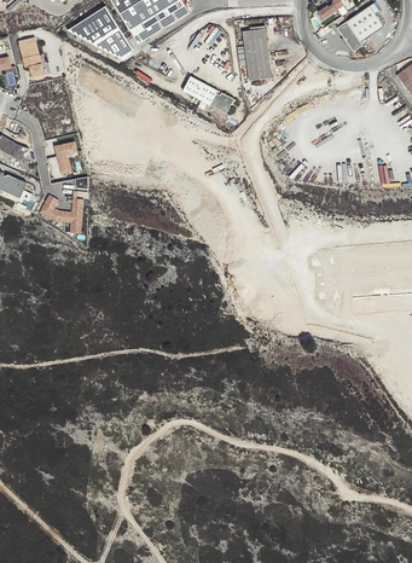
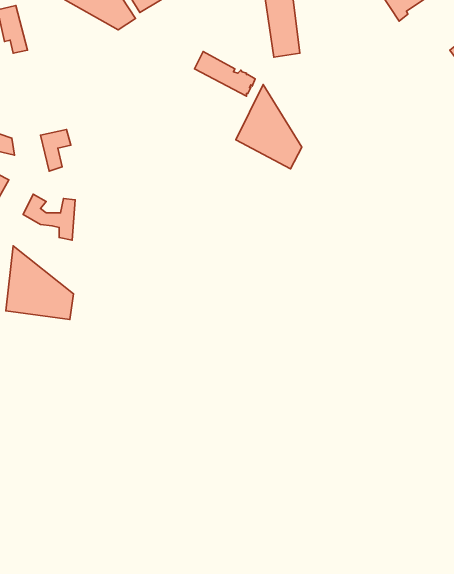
building: none -> [236,85,302,169]
building: none -> [6,246,73,320]

